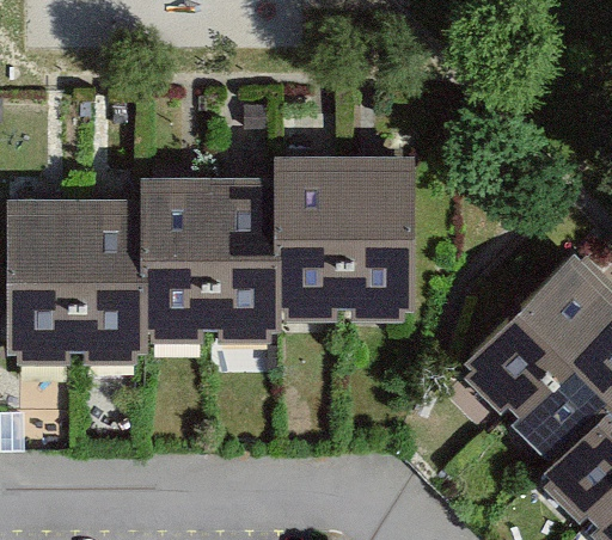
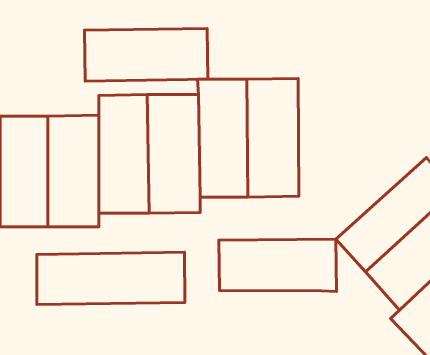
building: none -> [84,28,208,81]
building: none -> [219,239,337,292]
building: none -> [37,252,185,305]

